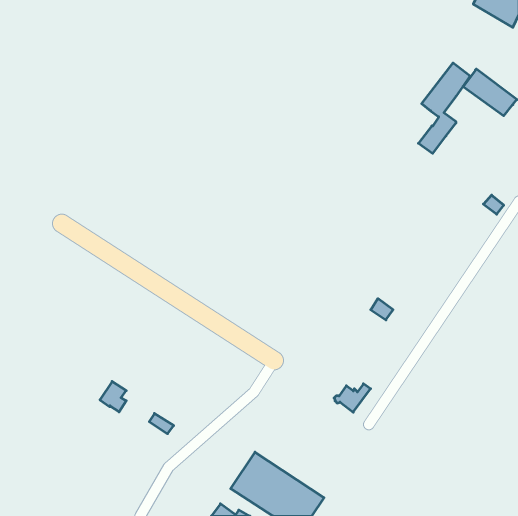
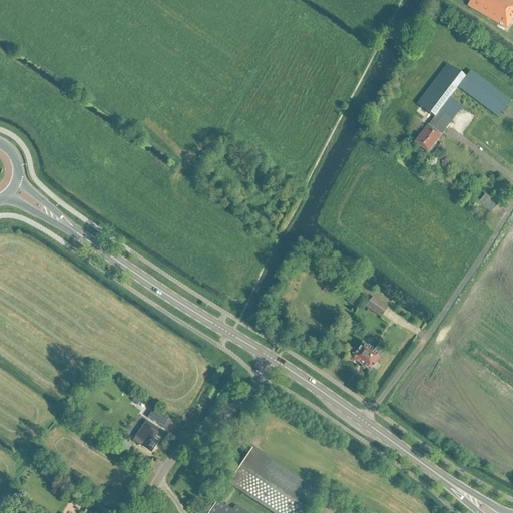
building: [100,381,126,412] -> [133,421,159,451]
building: [334,384,371,412] -> [351,341,387,369]

